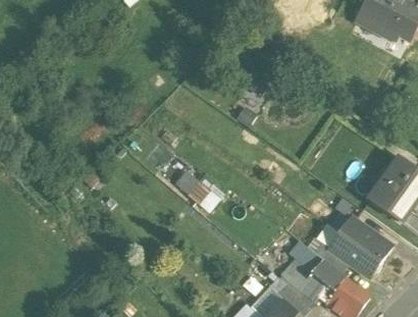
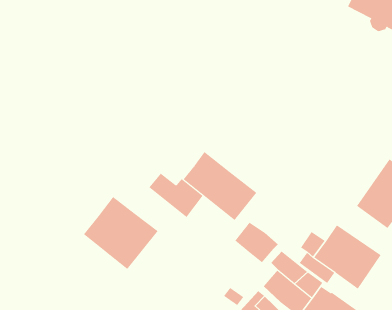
building: none -> [183,151,257,221]
building: none -> [83,196,158,270]
building: none -> [234,222,279,263]

